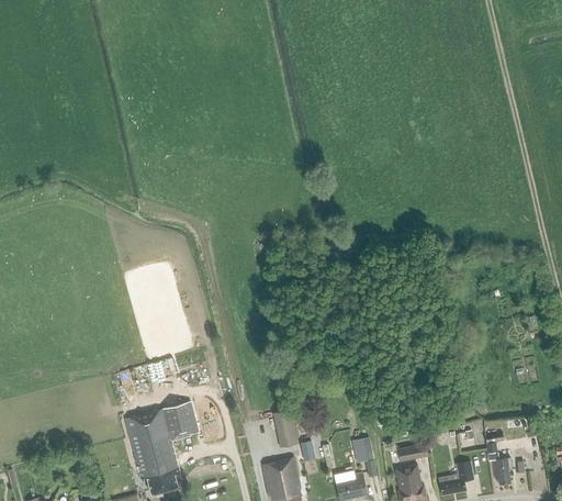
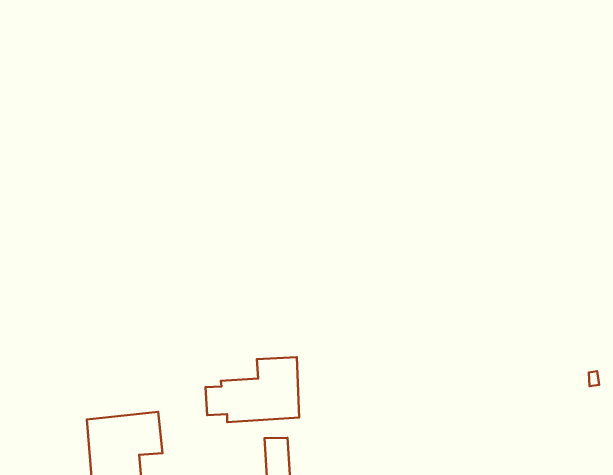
building: none -> [205,357,299,422]

